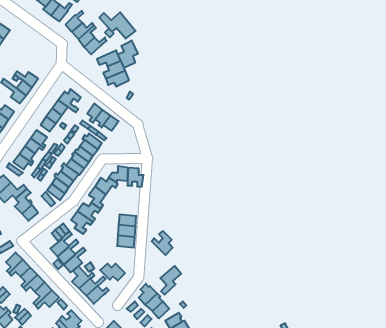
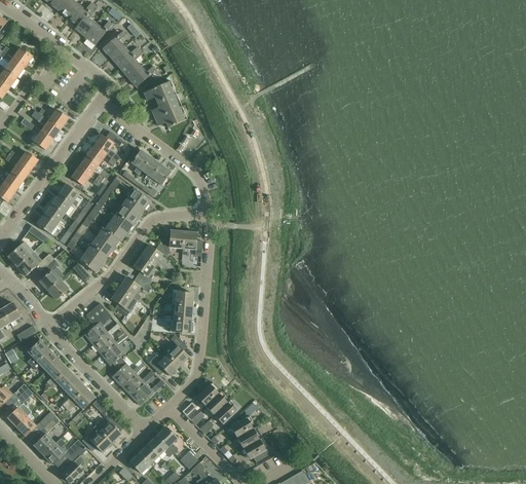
building: [99,12,136,39] -> none
building: [118,40,138,68] -> none
building: [152,231,173,255] -> [161,335,188,366]
building: [160,266,181,295] -> none

